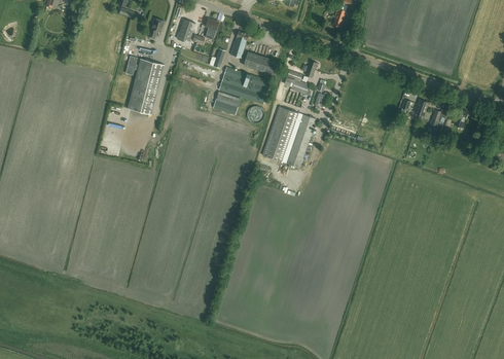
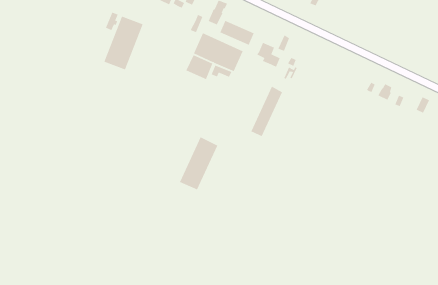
building: [261,106,297,161] -> [179,137,218,190]

